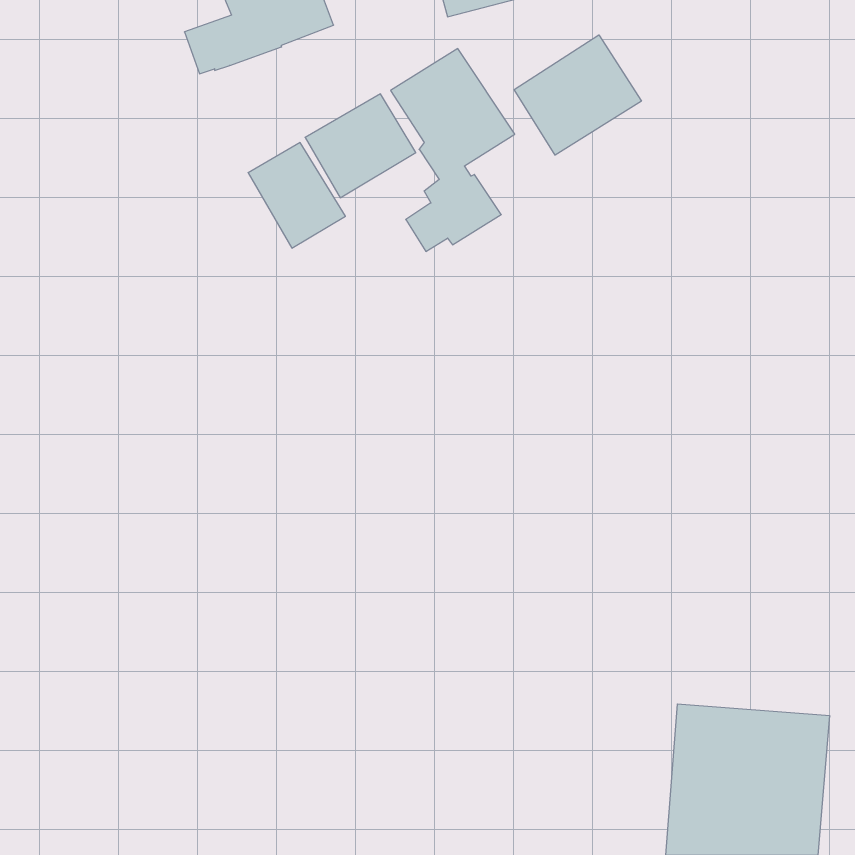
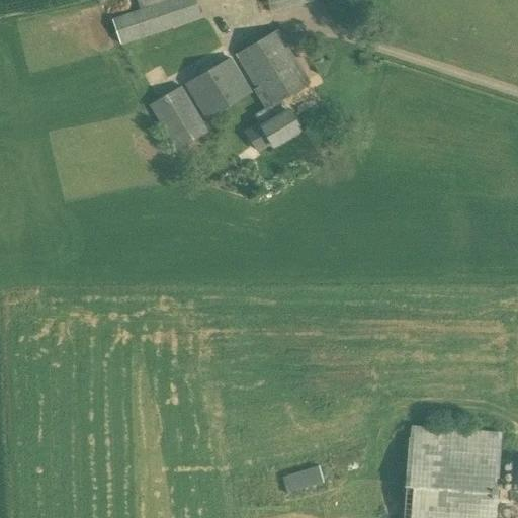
building: [514,35,641,155] -> none
building: none -> [287,466,320,492]

